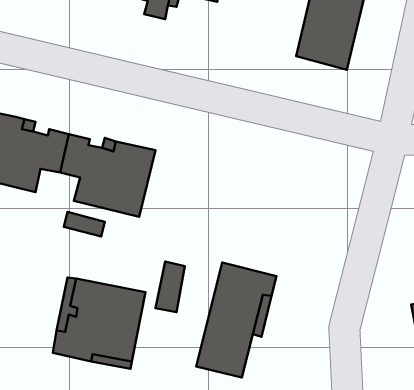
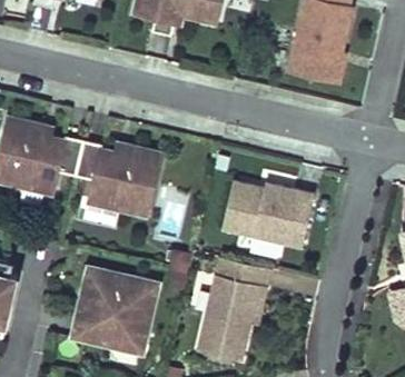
building: none -> [224,179,315,245]

